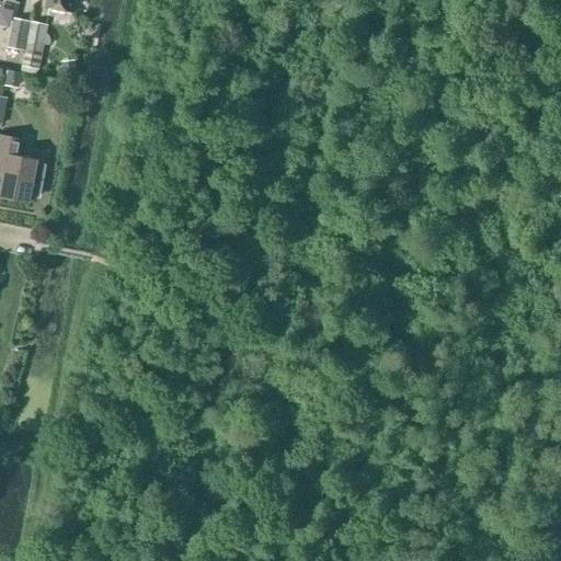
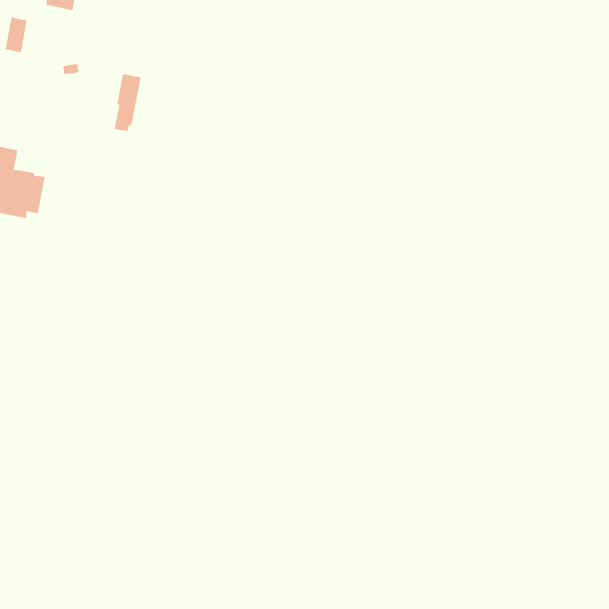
building: [18,19,43,71] -> [114,74,141,131]

